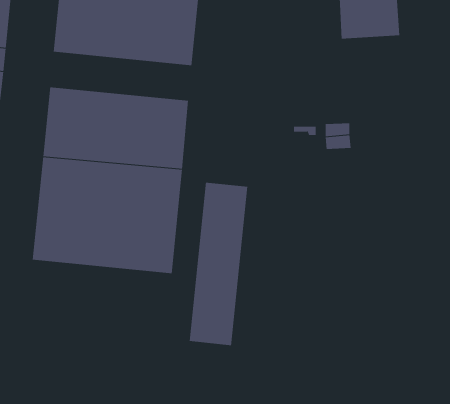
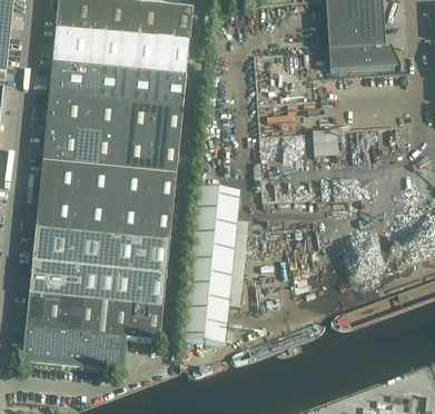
building: none -> [328,42,402,69]
building: none -> [49,60,186,107]
building: none -> [23,259,167,369]

